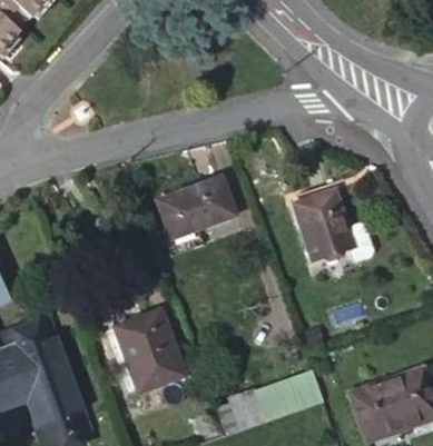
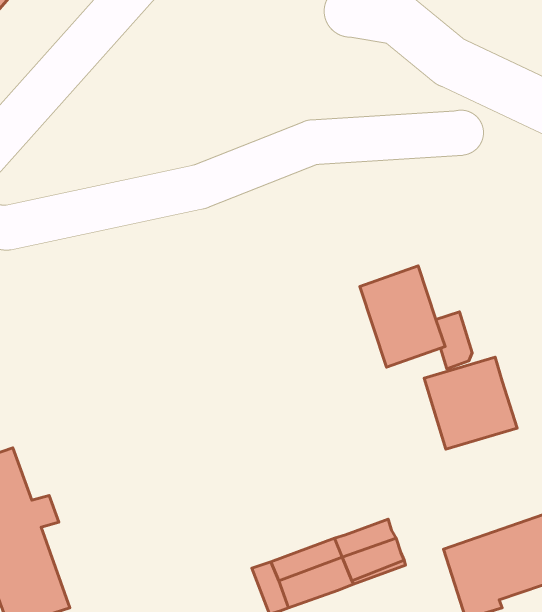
building: [158,179,234,239] -> none
building: none -> [424,357,517,449]
building: [115,309,186,393] -> none

